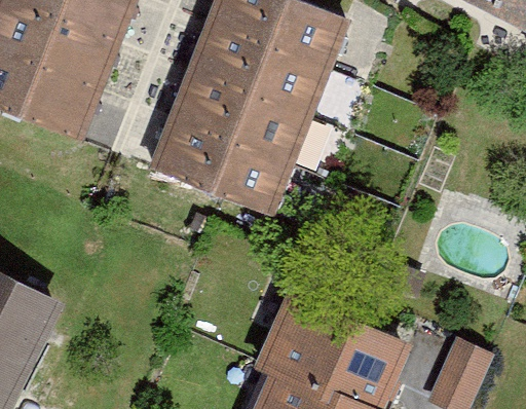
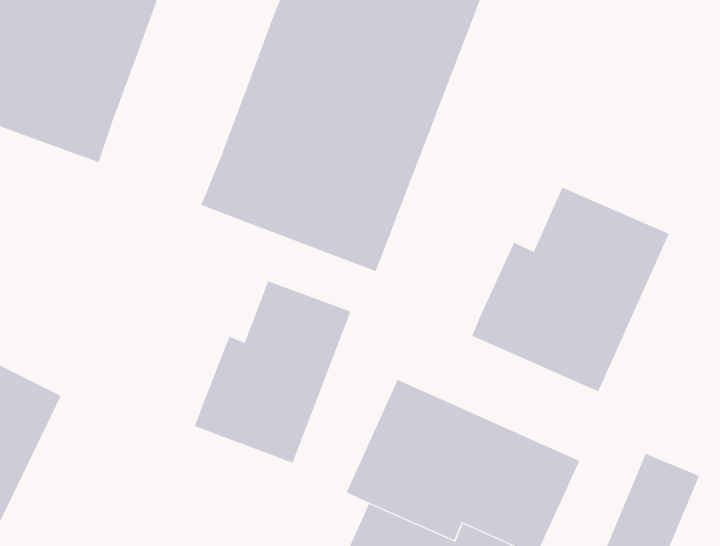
building: none -> [472,187,669,392]
building: none -> [194,280,351,464]

